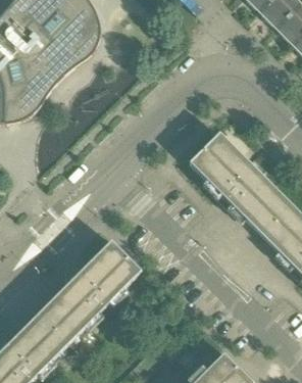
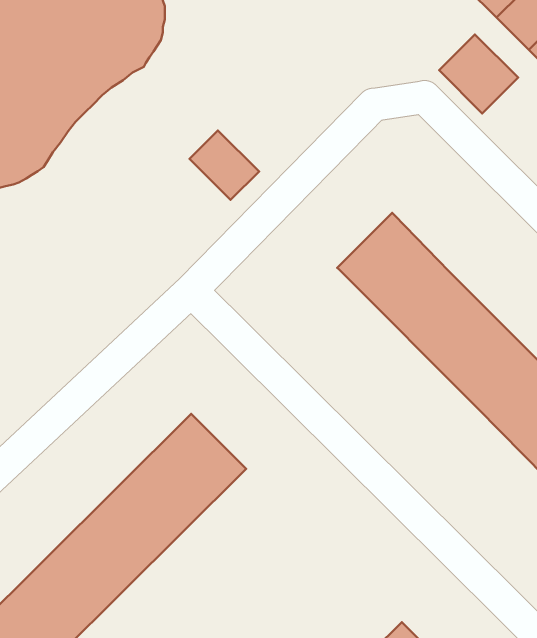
building: none -> [439,34,518,113]
building: none -> [189,130,259,200]

